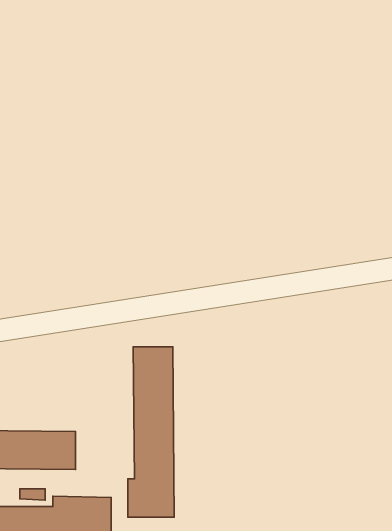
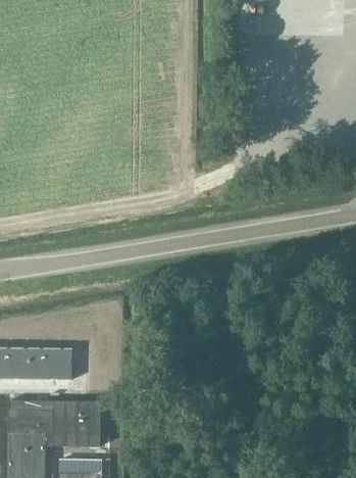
building: [128,347,174,517] -> none

